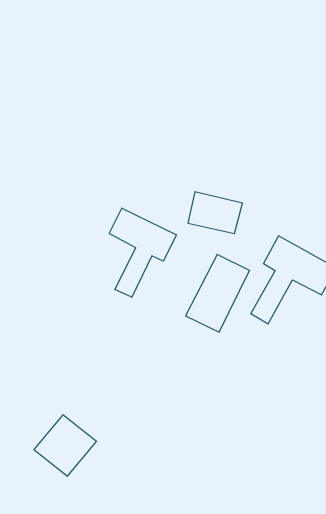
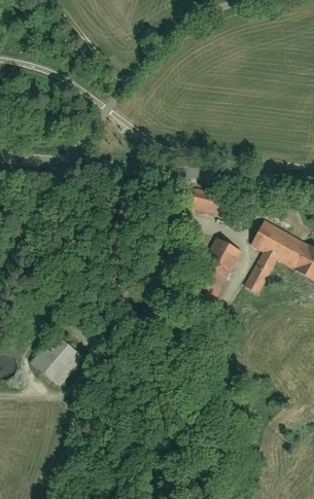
building: [109,208,176,297] -> none
building: [34,415,97,476] -> [32,332,88,387]

